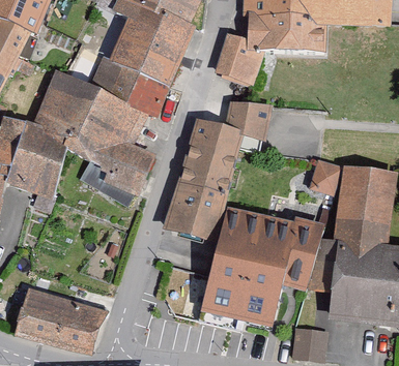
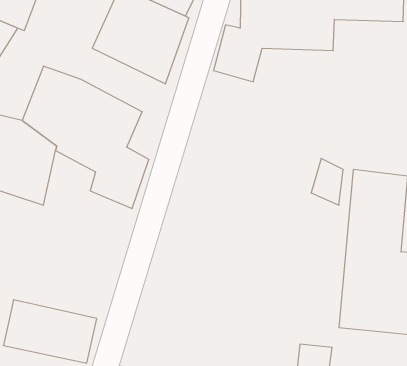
building: [91,53,170,115] -> none
building: [164,104,270,240] -> none
building: [201,208,321,330] -> none

